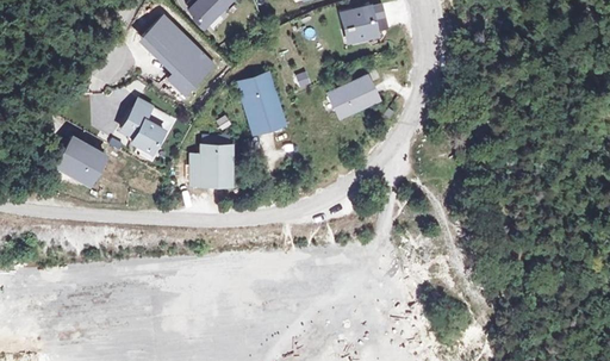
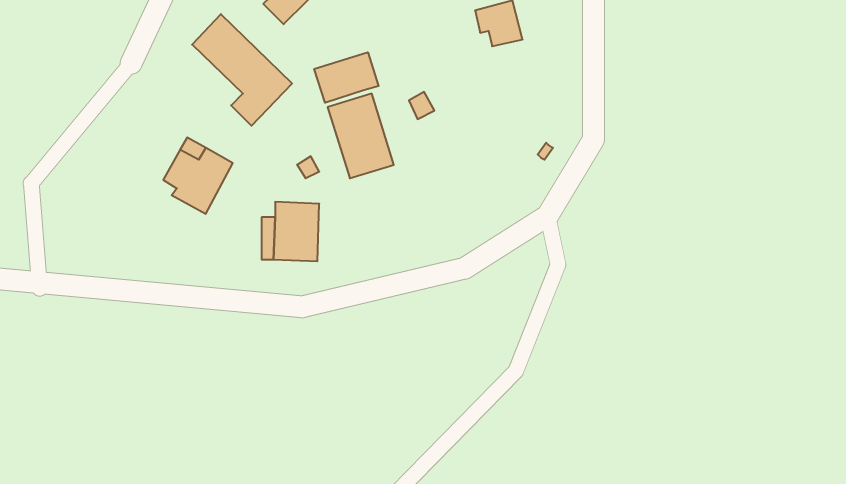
building: none -> [314,52,379,103]
building: [330,74,381,117] -> none
building: [58,137,107,185] -> none

